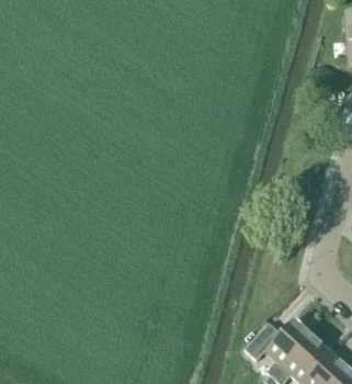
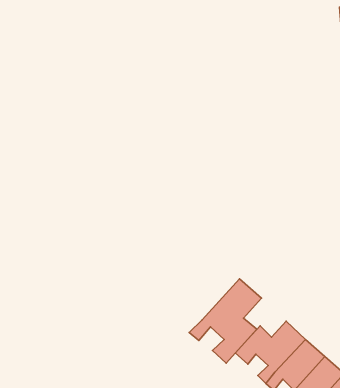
building: none -> [189,279,261,363]

